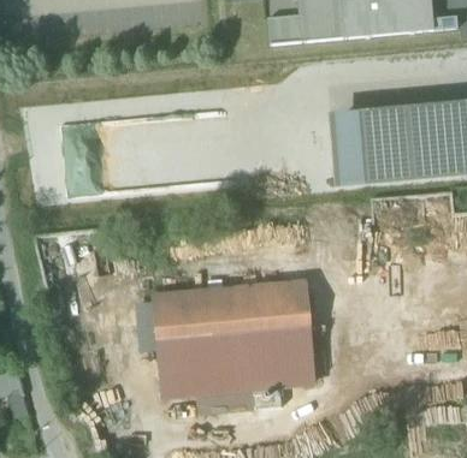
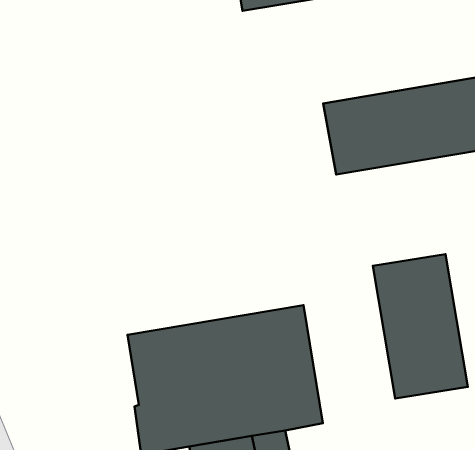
building: none -> [373,254,468,399]

